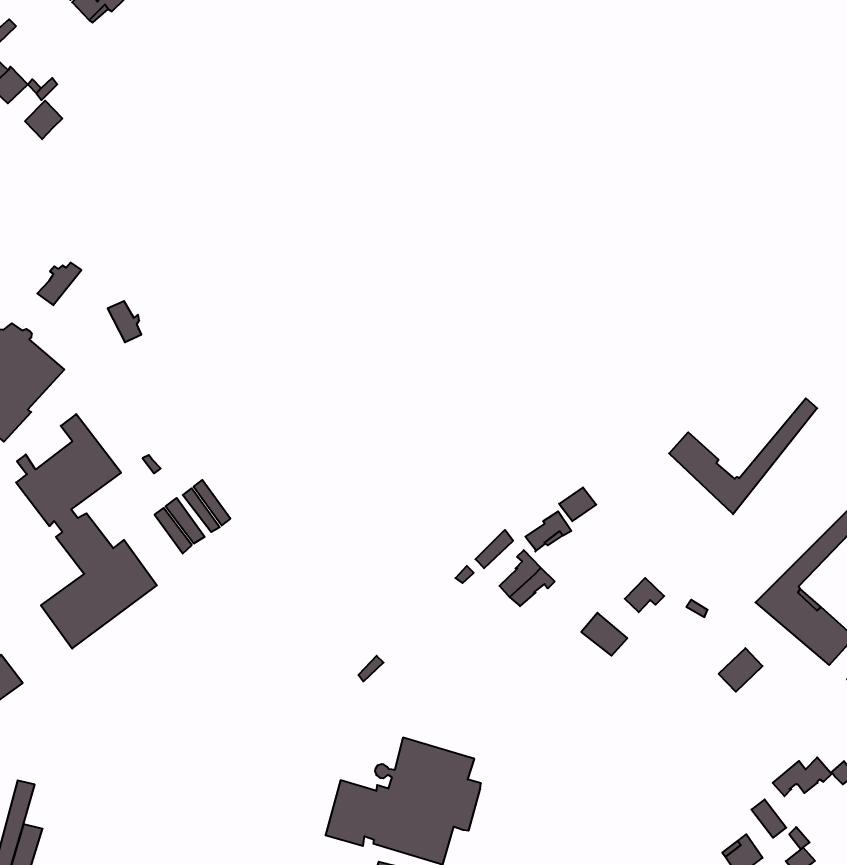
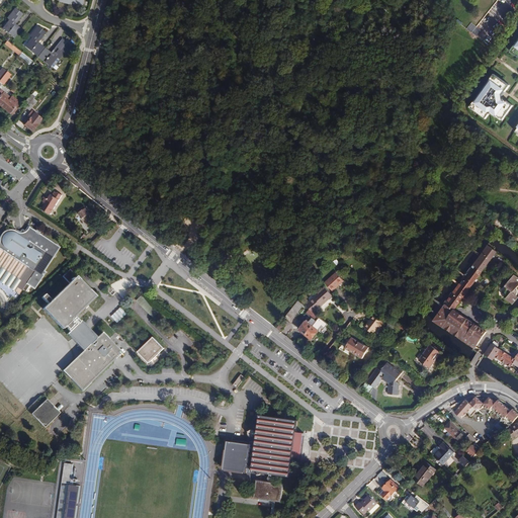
building: [669,398,817,514] -> none
building: none -> [138,335,165,362]
building: none -> [365,362,402,394]

